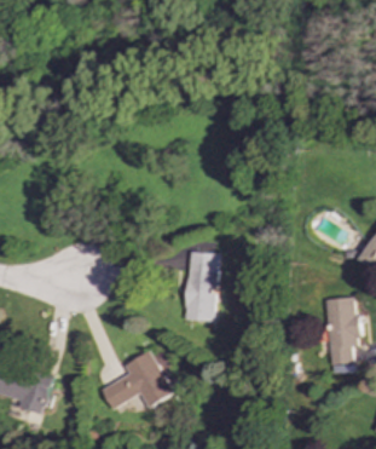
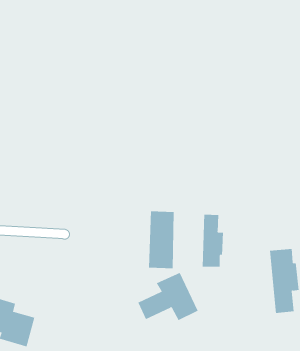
building: none -> [202,214,224,267]
building: [99,351,172,409] -> [138,272,198,321]

